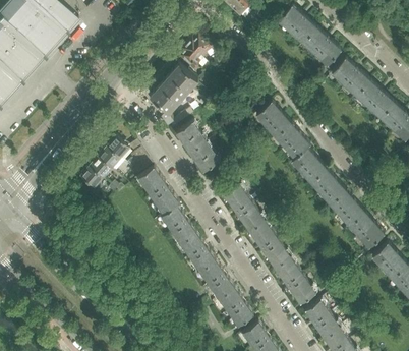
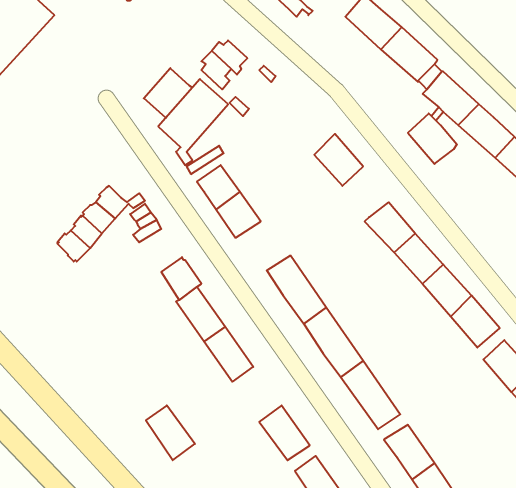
building: none -> [144,68,192,118]
building: [276,123,309,158] -> [408,113,457,164]
building: [138,167,166,195] -> none
building: [200,260,234,298] -> [146,405,195,460]

